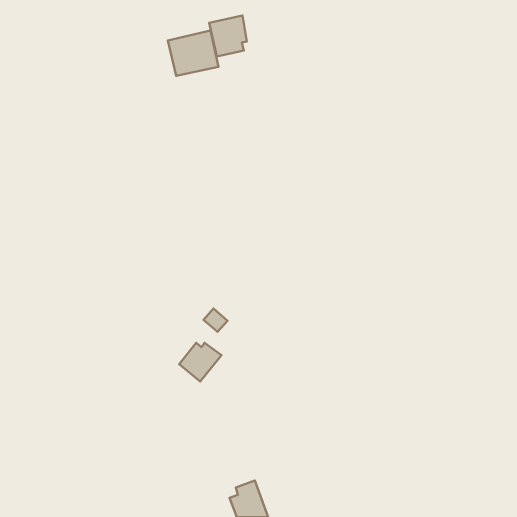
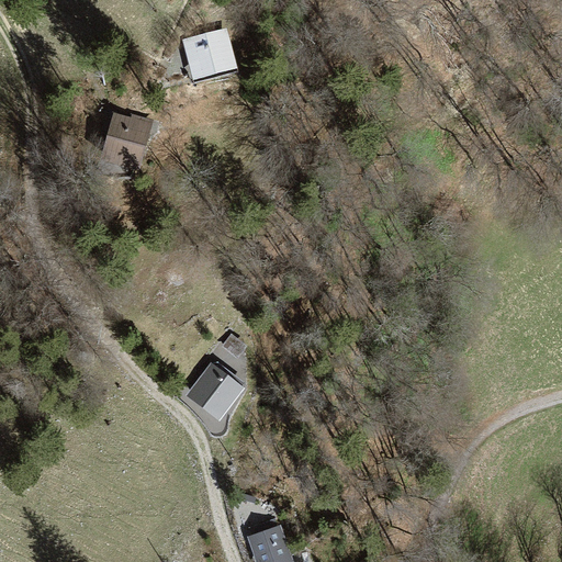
building: [209,15,247,56] -> none
building: none -> [99,109,154,172]

